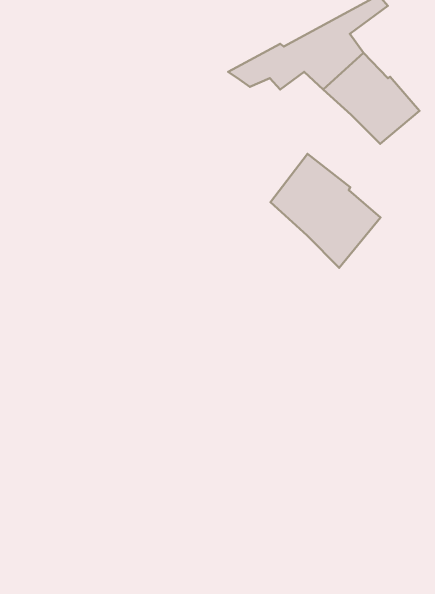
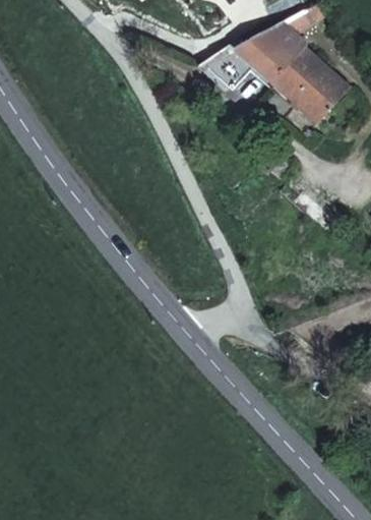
building: [271,154,381,268] -> none

